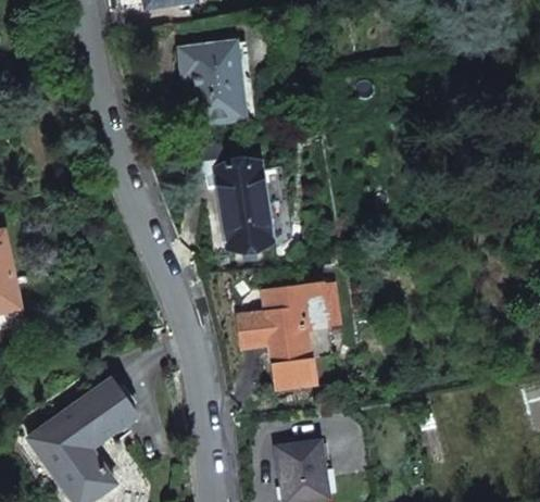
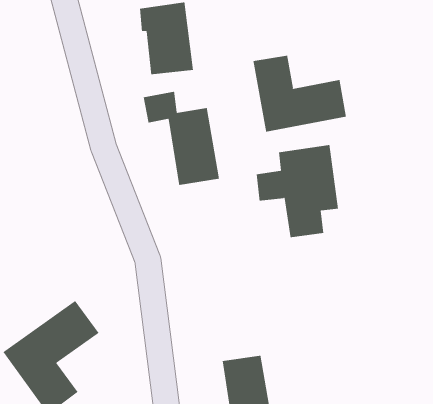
building: none -> [253,55,346,133]
building: [239,281,332,387] -> [256,144,339,238]

